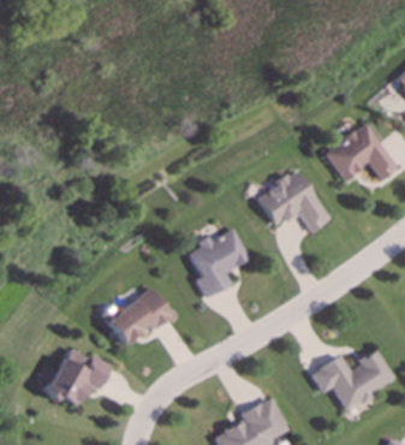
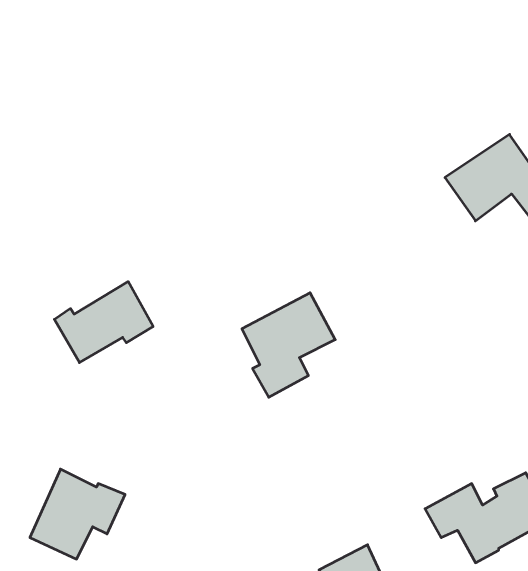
building: [256,171,329,233] -> none
building: [103,289,169,343] -> [54,282,153,363]

